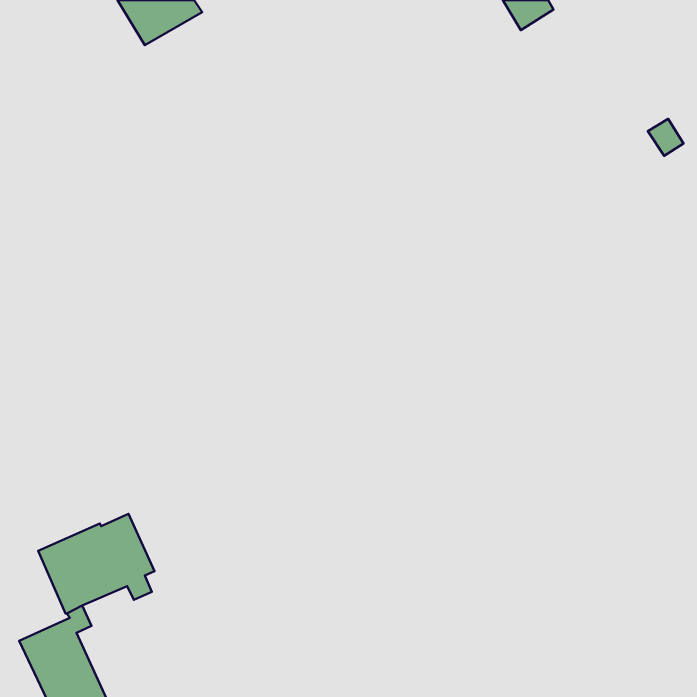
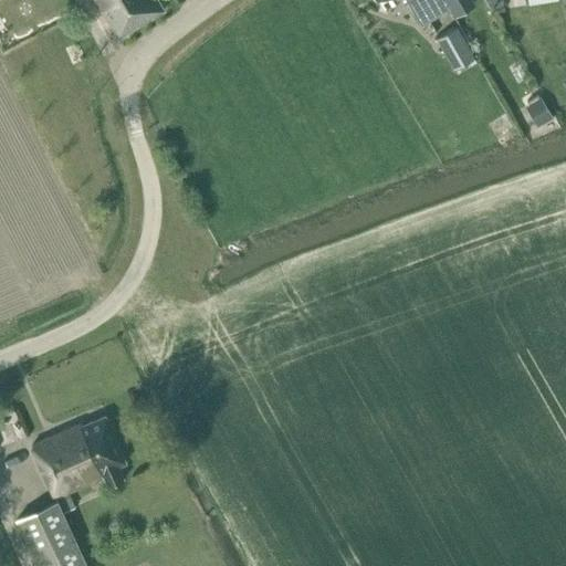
building: none -> [437,25,475,71]

